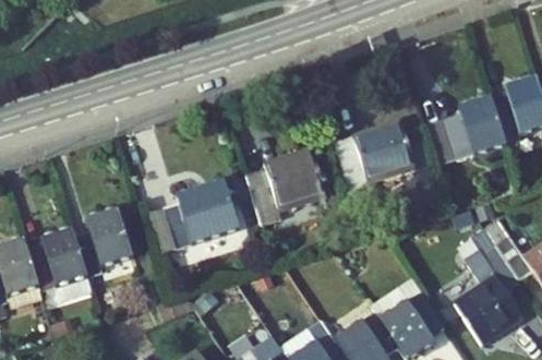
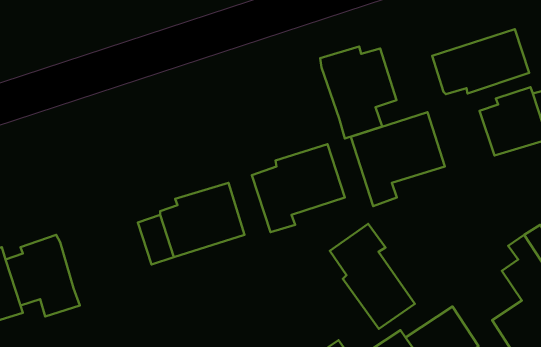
building: none -> [432,29,529,94]
building: none -> [320,47,397,138]
building: [74,207,133,274] -> none
building: none -> [330,224,415,329]

